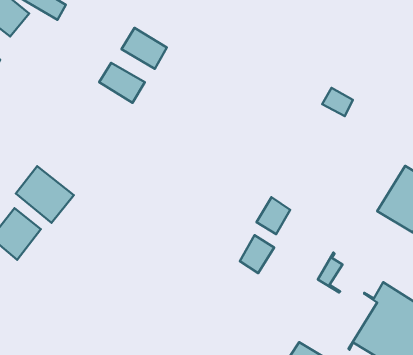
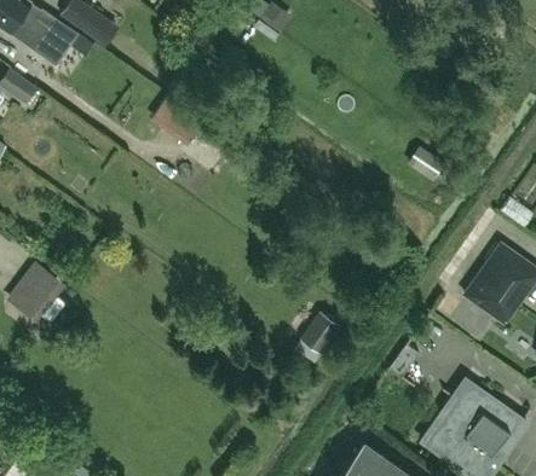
building: [122,28,167,69] -> none
building: [16,166,74,223] -> none
building: [256,197,290,234] -> none

